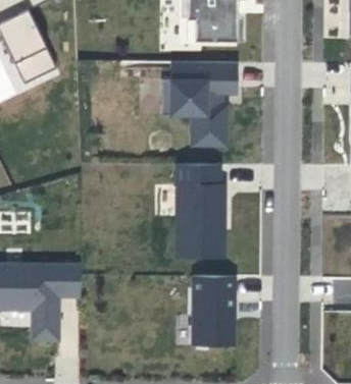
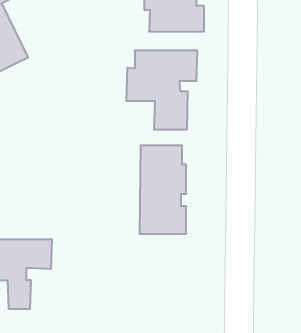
building: [192,276,236,346] -> none

